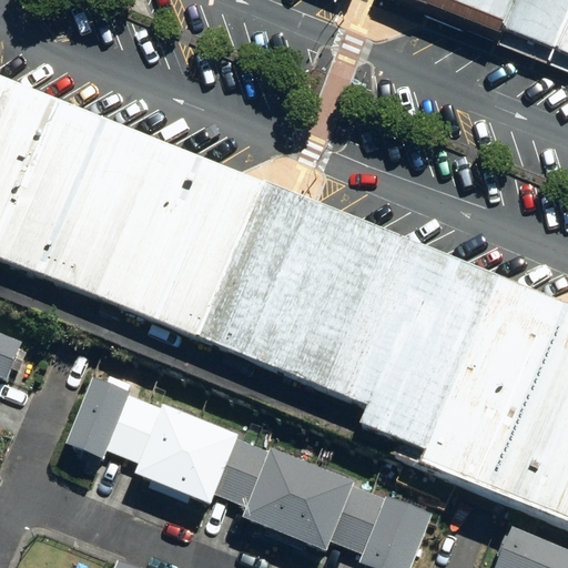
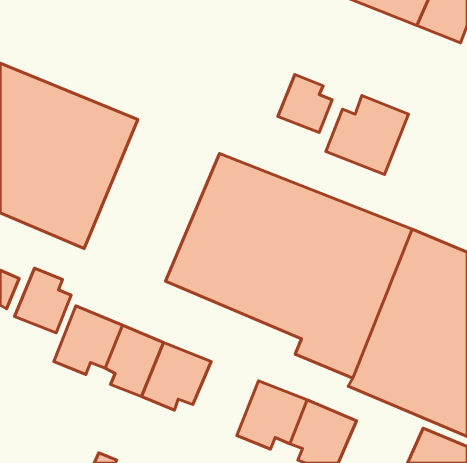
building: none -> [278,74,332,132]
building: none -> [326,96,409,174]
building: [102,145,266,342] -> none
building: none -> [15,268,71,333]
building: [234,439,314,529] -> none

